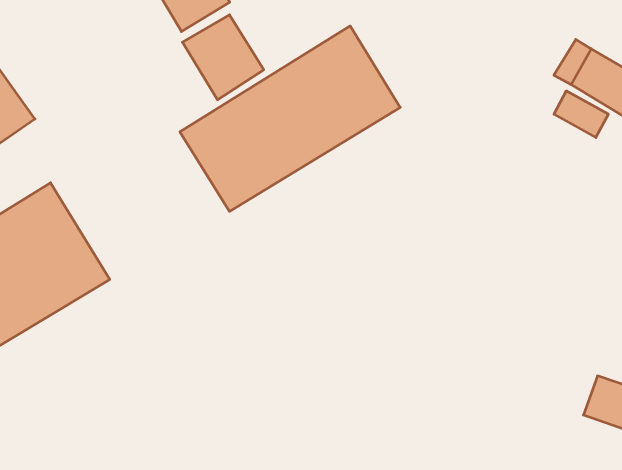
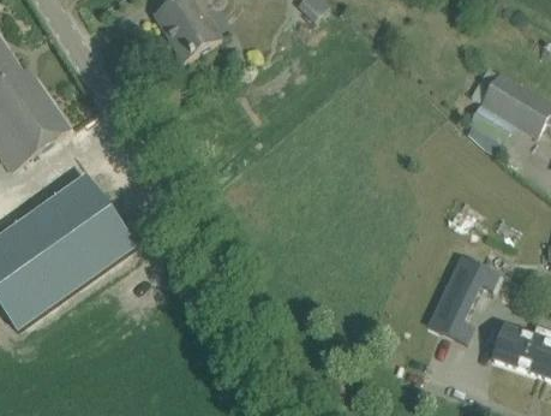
building: [182,15,264,100] -> none
building: [180,26,400,211] -> none
building: none -> [431,256,501,343]

